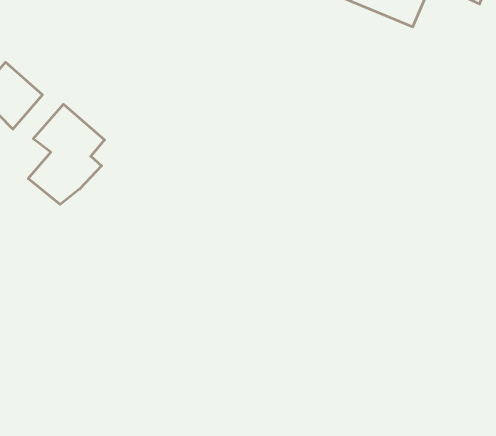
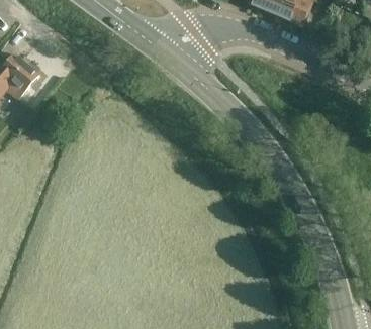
building: [28,104,105,204] -> none

